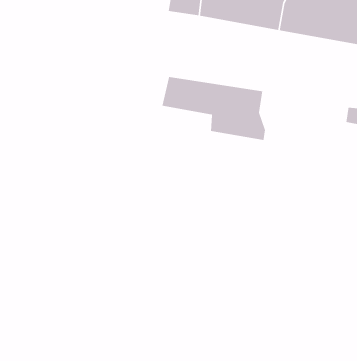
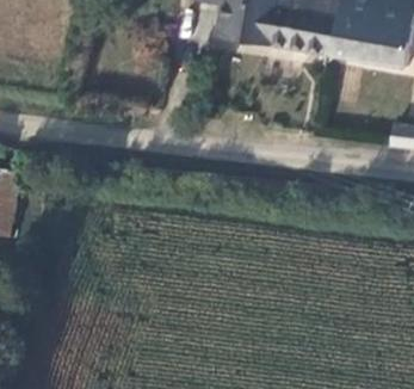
building: [161,76,266,141] -> none

